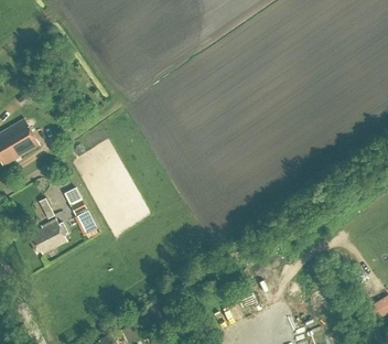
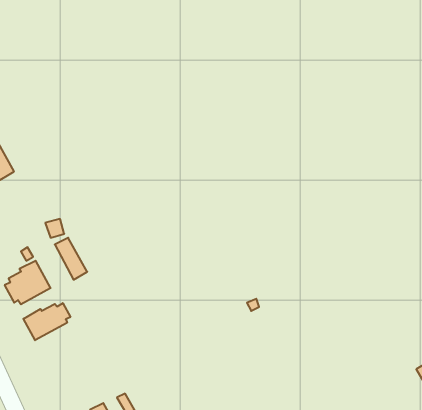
building: none -> [23,303,70,340]

